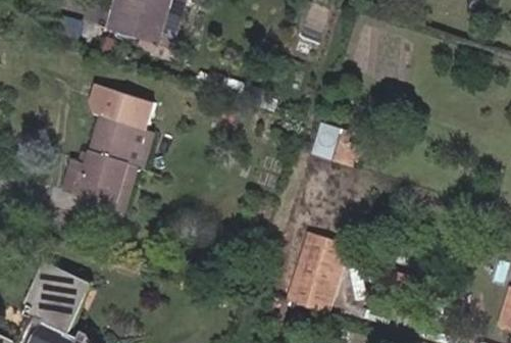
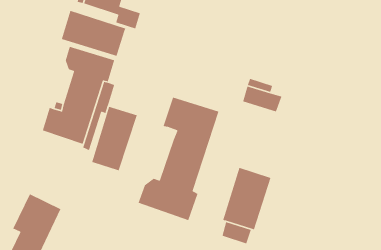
building: none -> [61,10,126,57]
building: none -> [138,97,219,221]
building: none -> [91,106,138,172]

